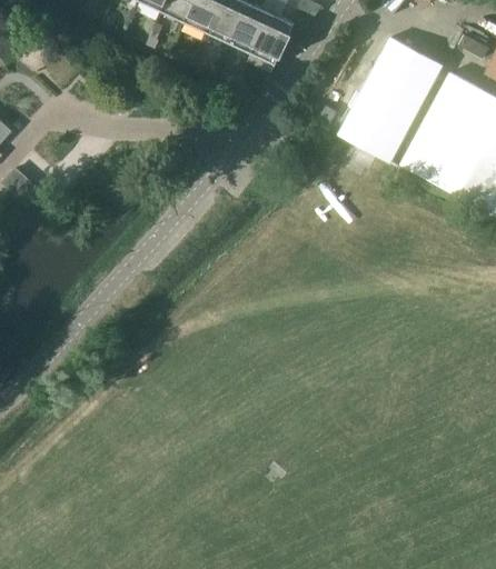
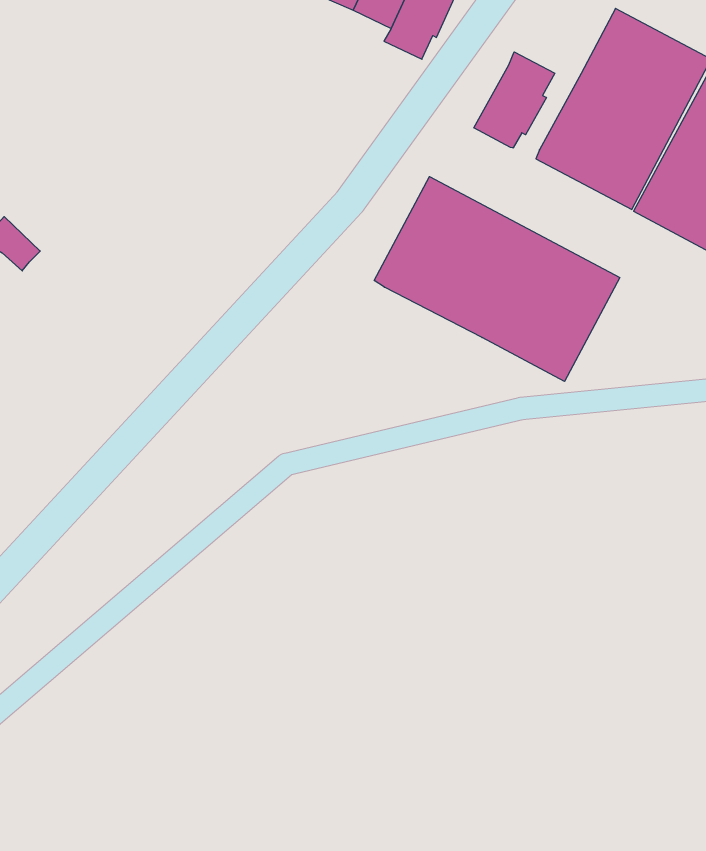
building: none -> [474,52,555,148]
building: none -> [374,177,620,381]

